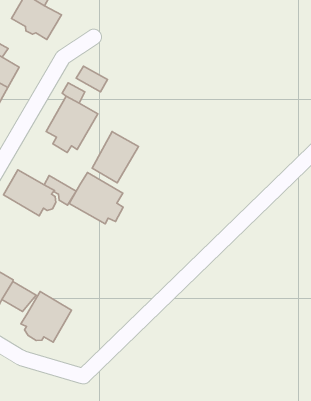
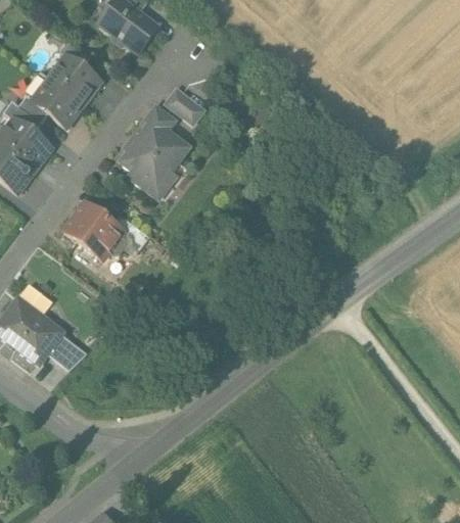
building: [92,131,139,183] -> none
building: [69,172,123,224] -> none
building: [21,291,72,342] -> none

